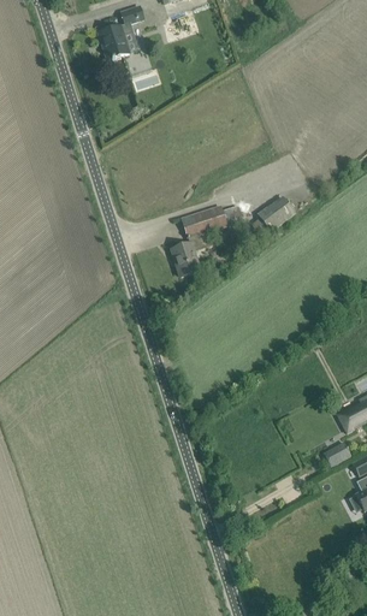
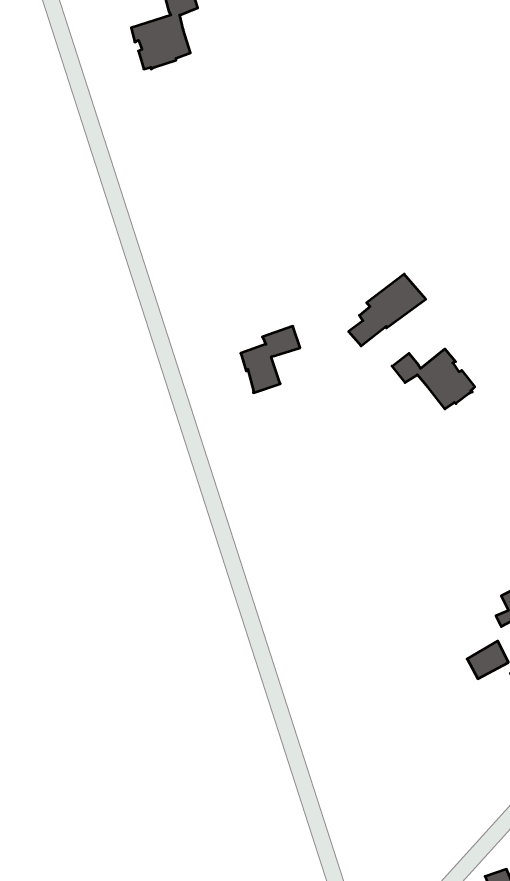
building: [180,205,227,237] -> none
building: none -> [392,349,475,409]

